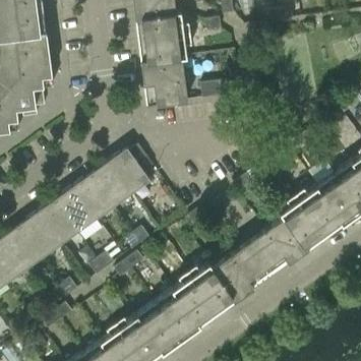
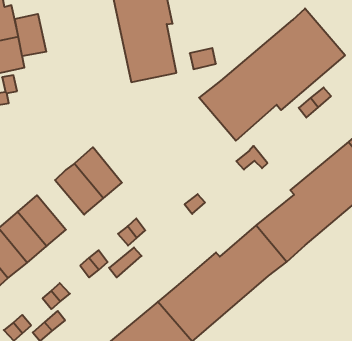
building: none -> [15,14,46,56]
building: none -> [199,8,345,141]
building: [107,146,148,195] -> none
building: [54,188,95,233] -> none

